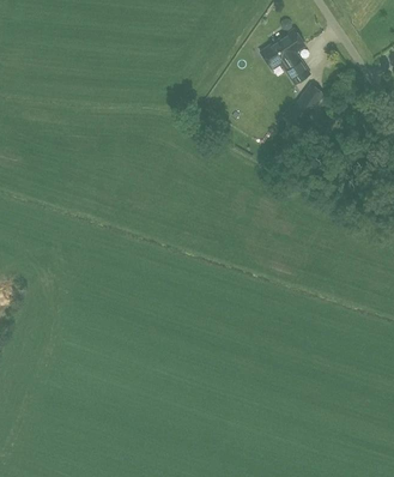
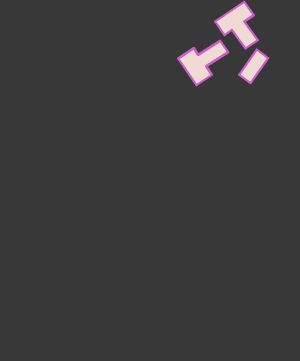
building: none -> [178,41,228,85]

